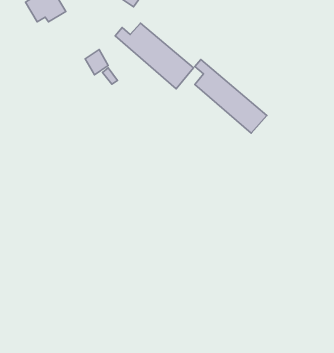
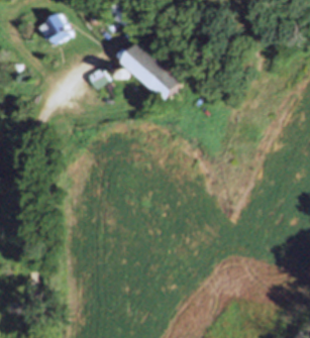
building: [195,59,267,133] -> none

